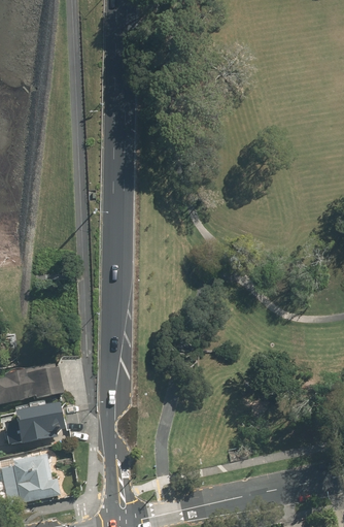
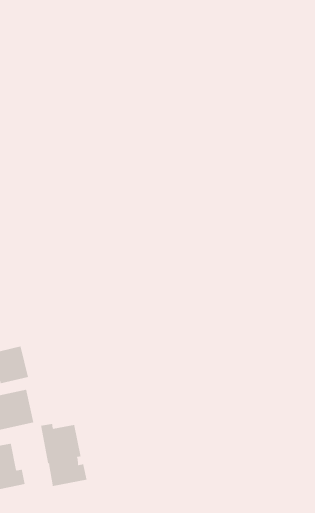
building: none -> [41,423,87,487]

